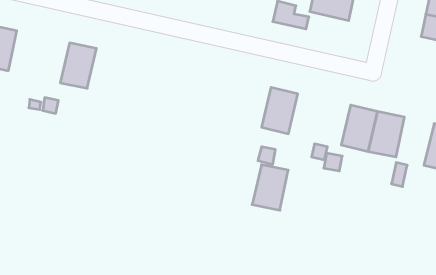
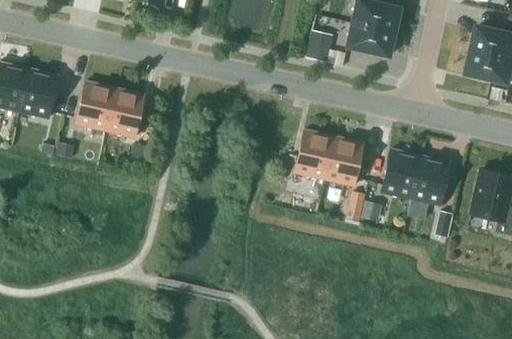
building: none -> [19,69,57,119]
building: none -> [105,88,144,138]
building: [252,165,288,210] -> [324,137,363,187]

